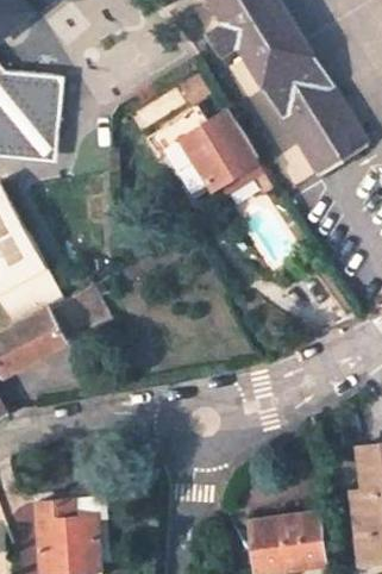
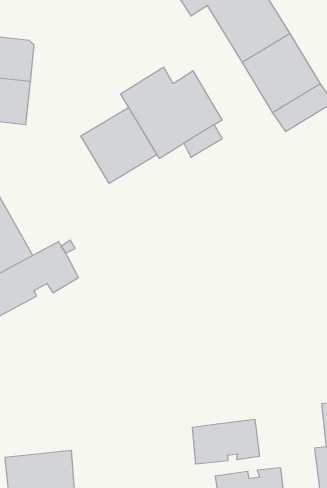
building: none -> [81,107,157,183]
building: none -> [193,419,259,464]

